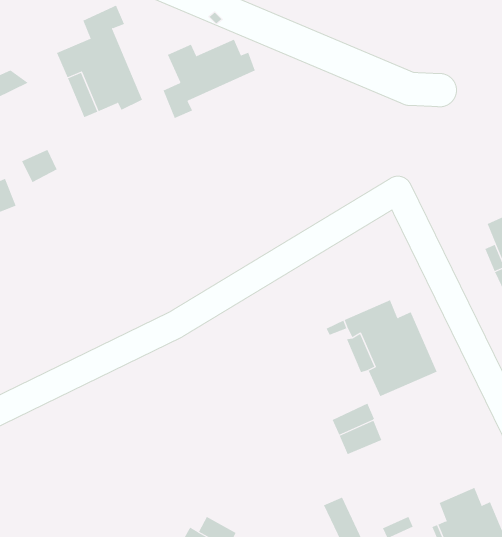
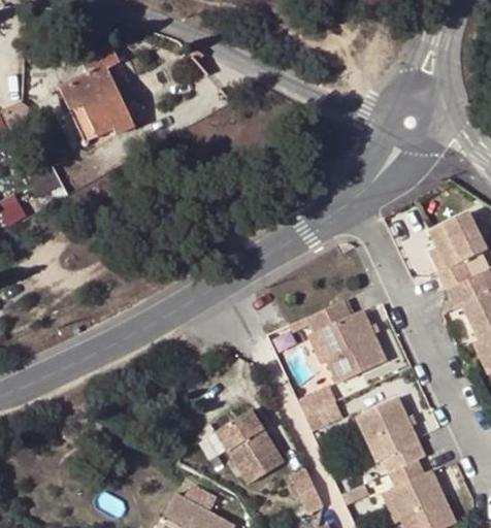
building: [163,39,255,119] -> none
building: none -> [359,399,425,473]
building: none -> [219,408,285,481]

